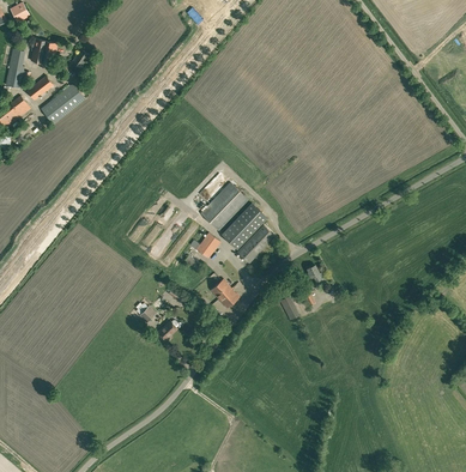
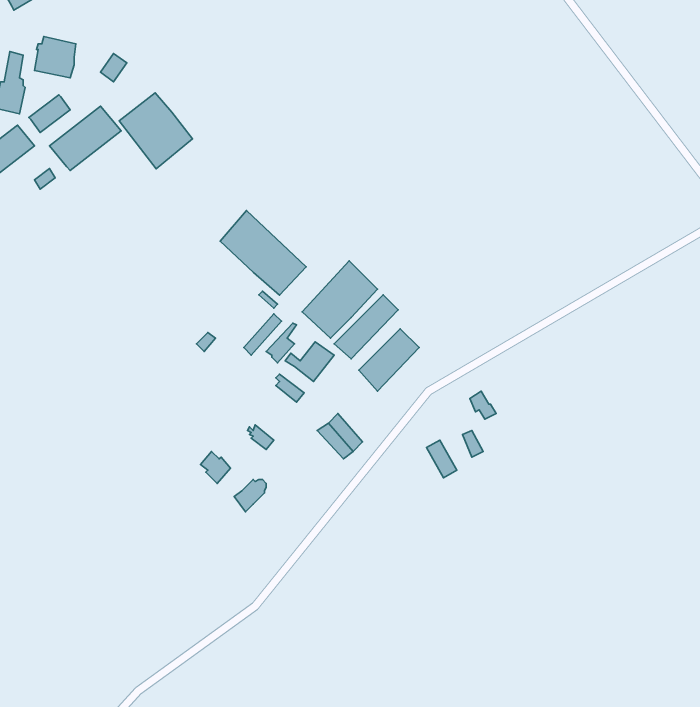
building: none -> [119,93,192,169]
building: none -> [220,211,306,295]

